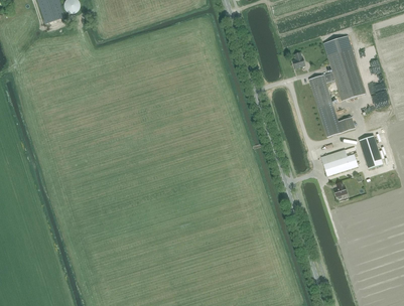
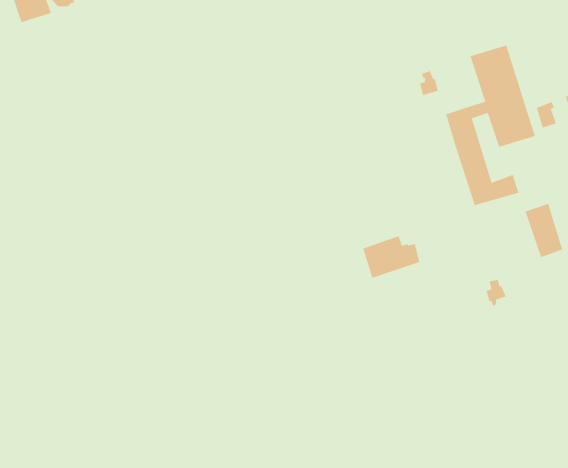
building: [320,148,357,175] -> [362,235,420,279]

